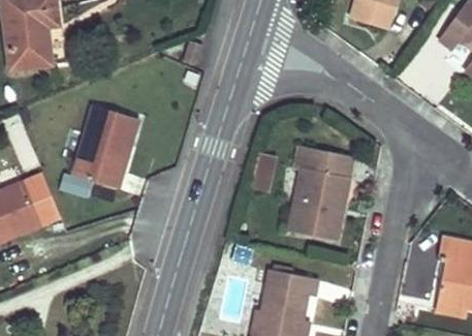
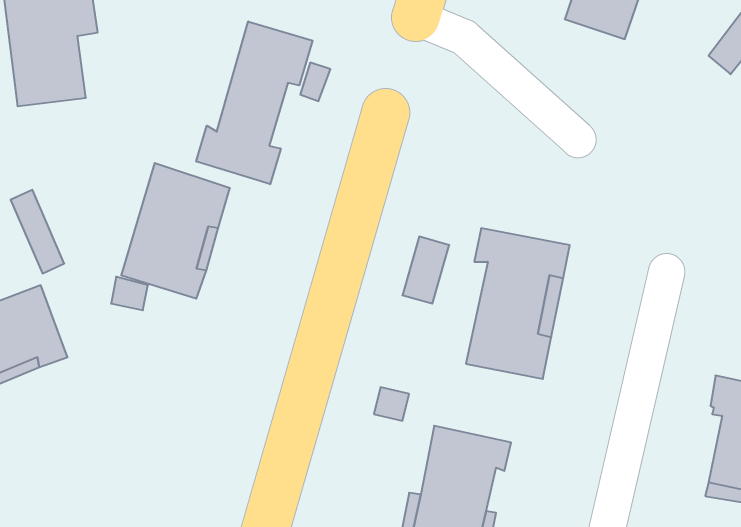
building: none -> [196,21,313,184]

